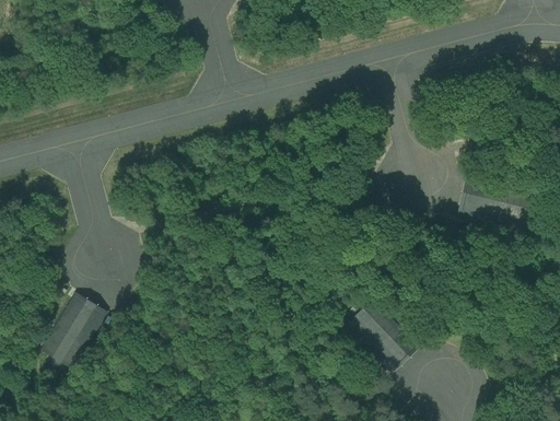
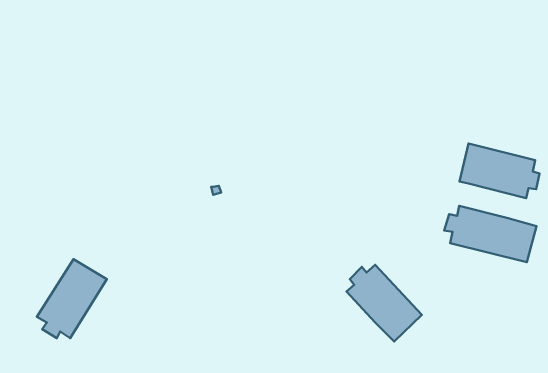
building: none -> [444,206,536,262]

